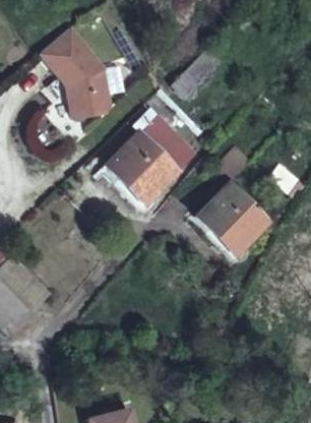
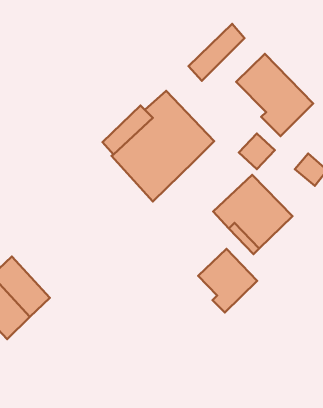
building: [36,31,109,118] -> none
building: none -> [236,54,313,136]
building: none -> [198,249,257,313]

